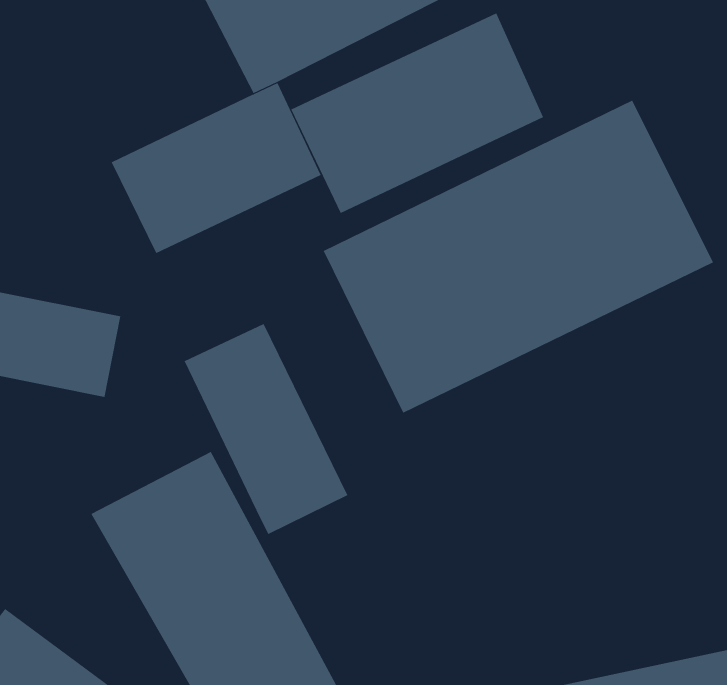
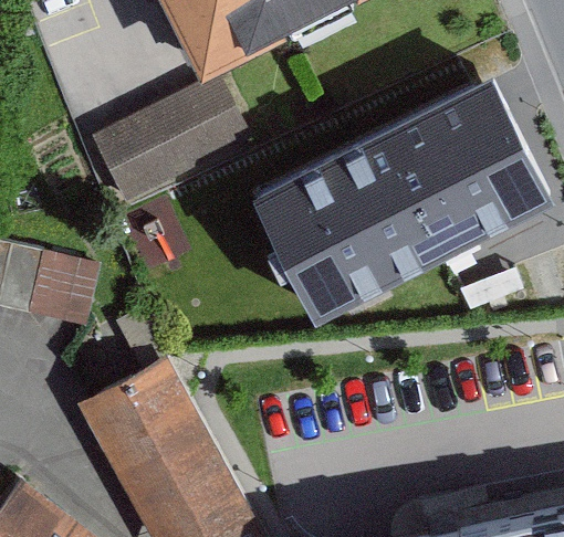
building: [291,13,544,214] -> none
building: [184,323,348,535] -> none

